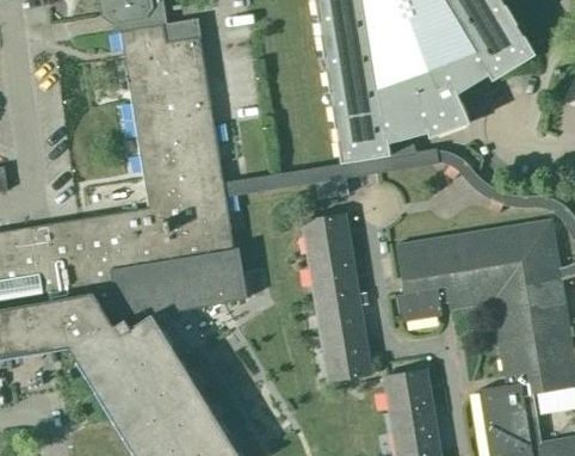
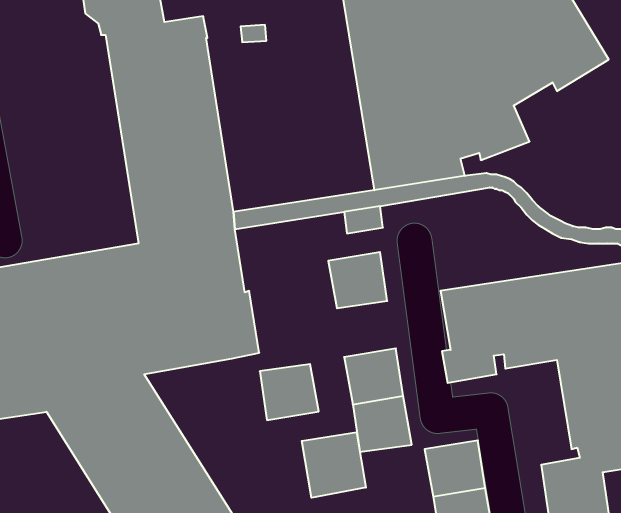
building: [310,254,359,301] -> [260,364,319,420]
building: none -> [302,432,366,498]

